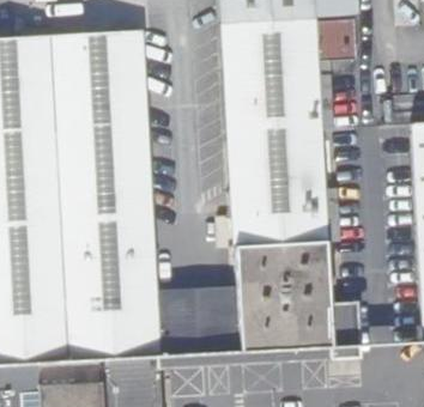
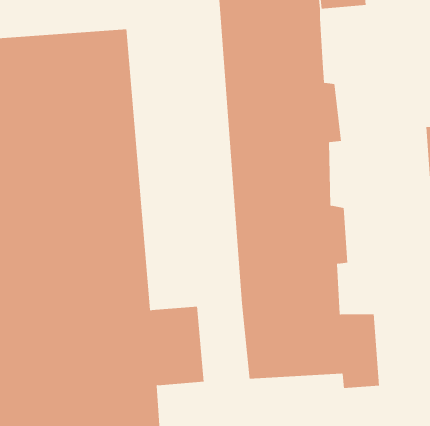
building: [311,18,352,61] -> none
building: [199,281,246,353] -> none

